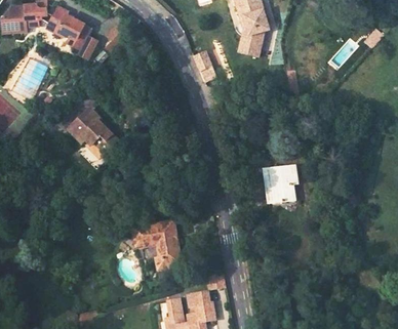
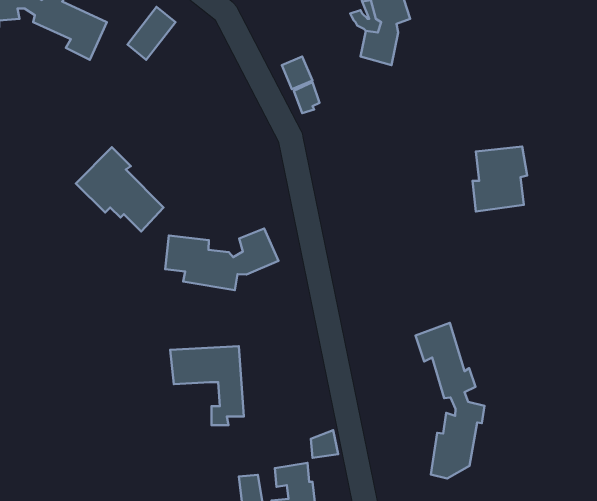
building: none -> [165,228,278,290]
building: [266,164,298,203] -> [472,146,527,212]
building: none -> [415,323,485,479]

